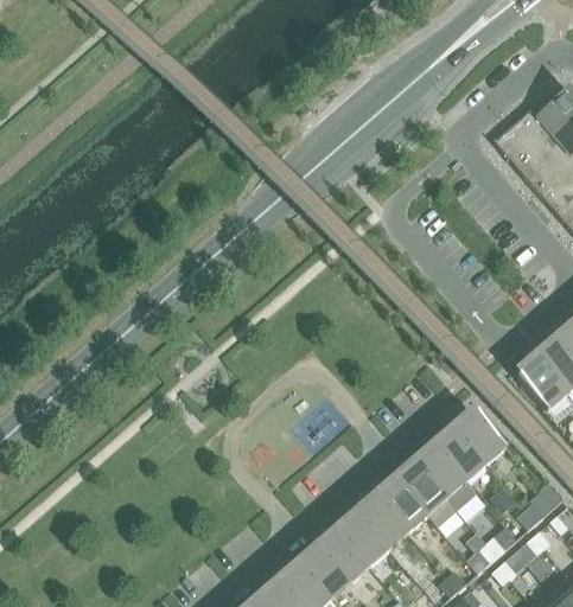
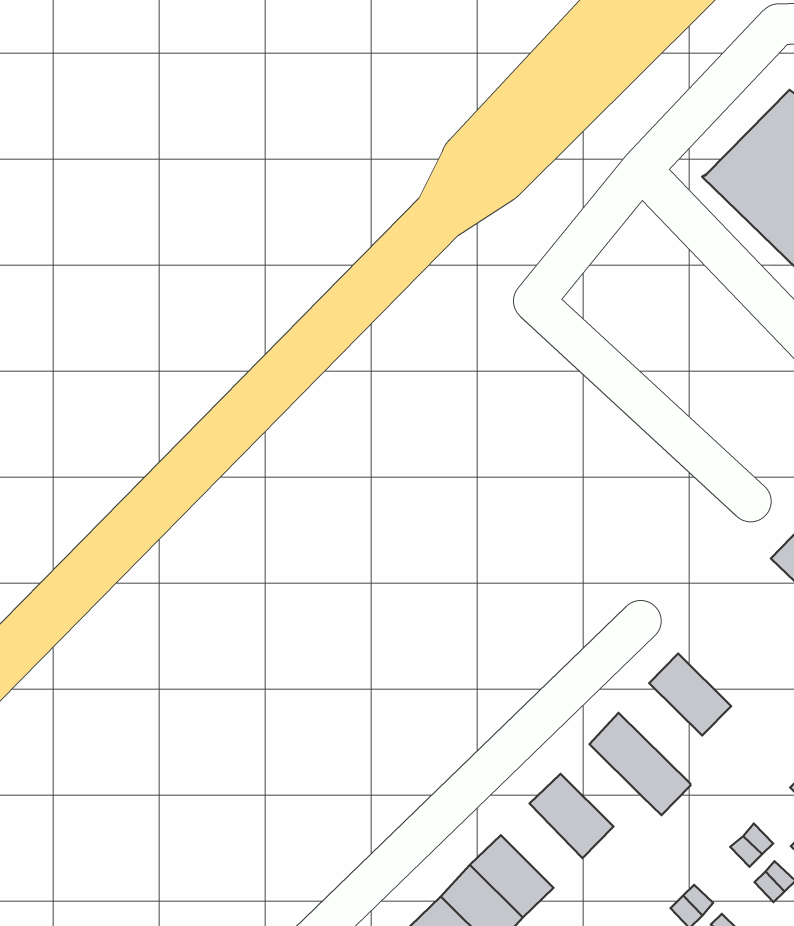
building: [456,411,505,462] -> none
building: [416,445,476,507] -> none
building: [378,479,427,530] -> none
building: [339,512,388,564] -> none

